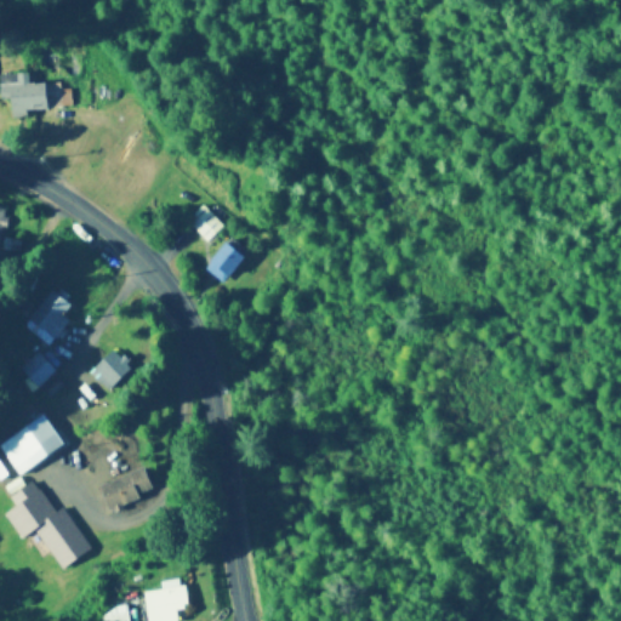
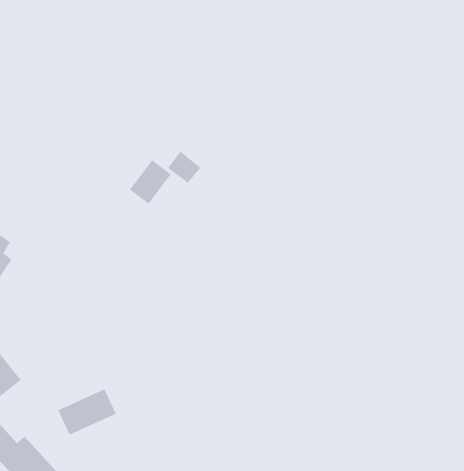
building: [189,206,224,241] -> [167,151,201,184]
building: [98,355,136,383] -> none

